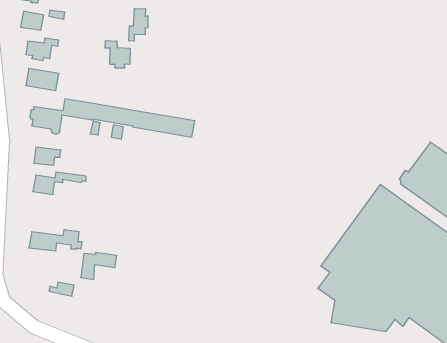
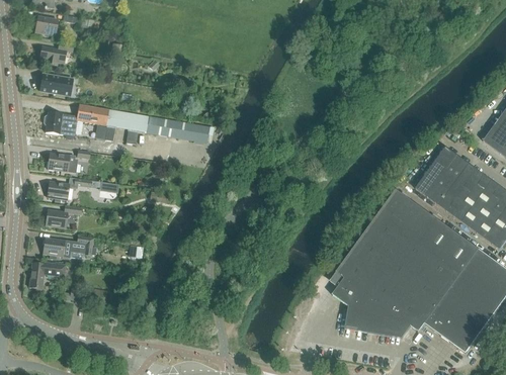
building: [129,8,148,41] -> none
building: [105,41,130,68] -> none
building: none -> [46,206,81,228]
building: [81,252,117,280] -> [29,262,66,289]

